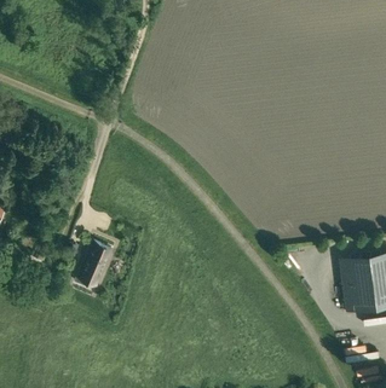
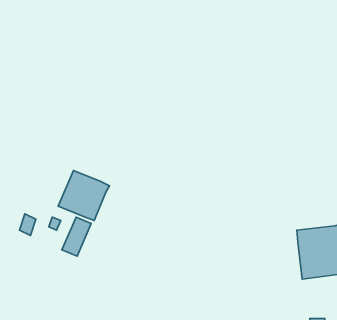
building: none -> [58,170,109,221]

